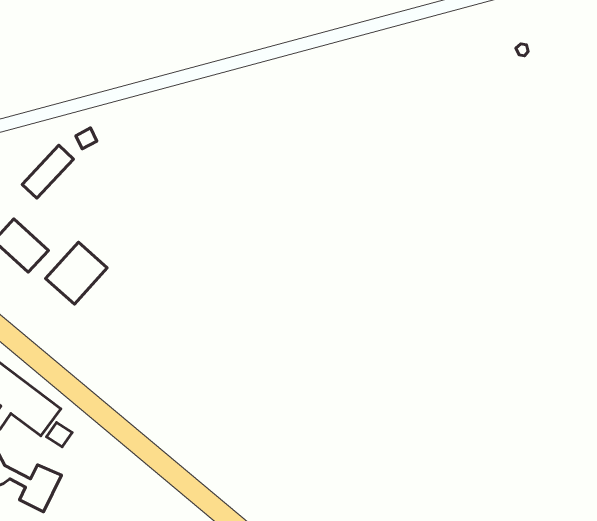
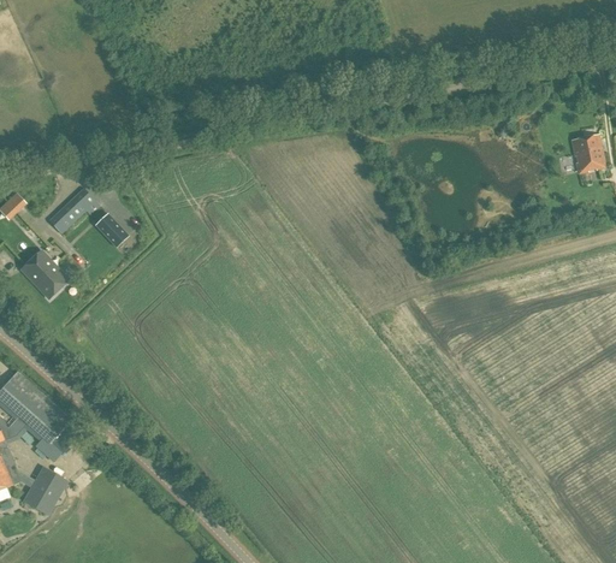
building: none -> [94,214,128,248]
building: [46,242,107,304] -> none

